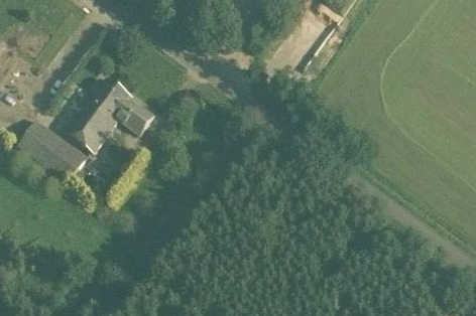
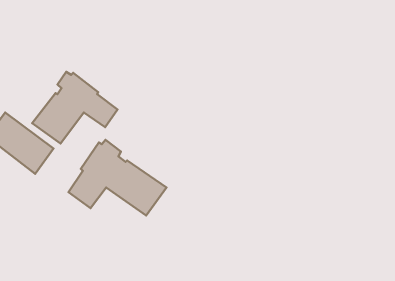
building: none -> [68,140,167,216]

